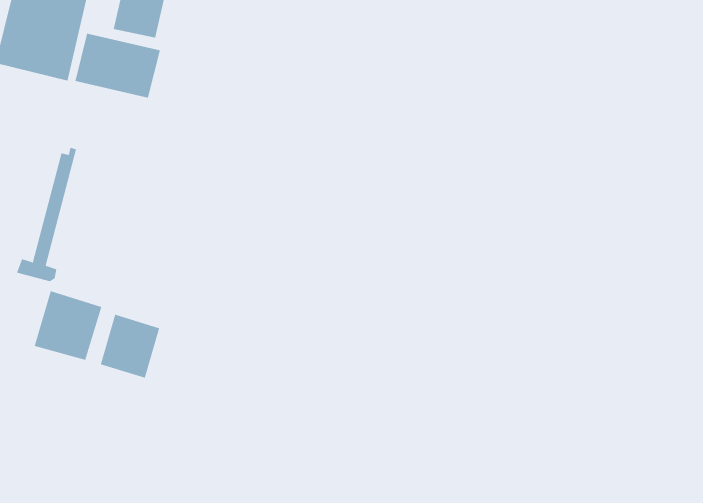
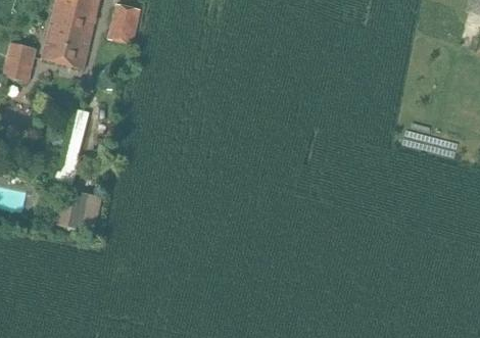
building: [75,33,160,98] -> none
building: [100,314,160,379] -> none

